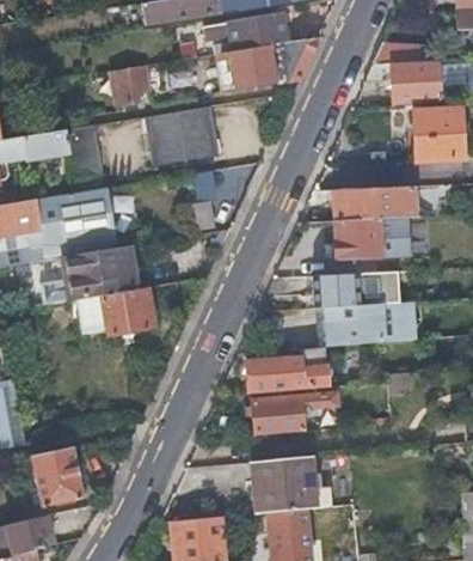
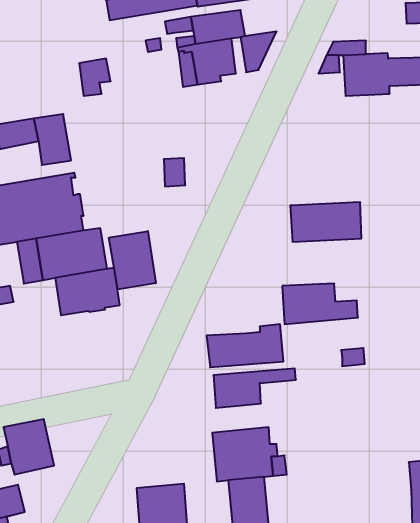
building: [146,105,219,164] -> none
building: [413,110,462,161] -> none
building: [333,188,414,221] -> none
building: none -> [109,231,156,290]
building: [313,272,400,307] -> none

